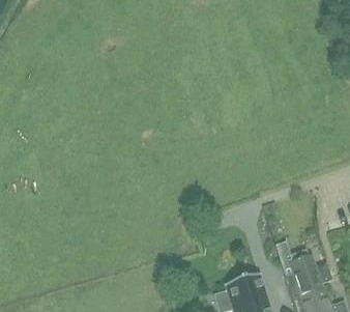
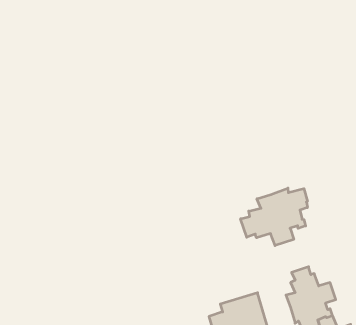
building: none -> [241,188,307,246]

